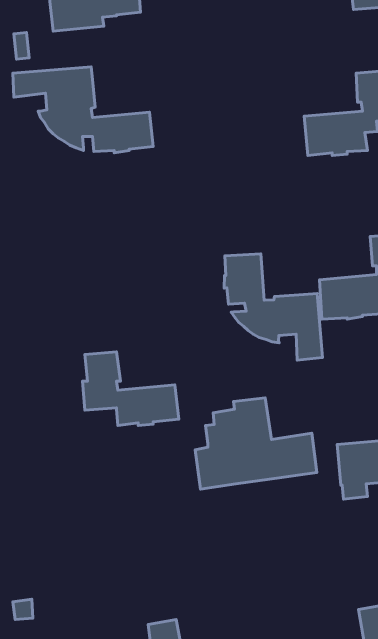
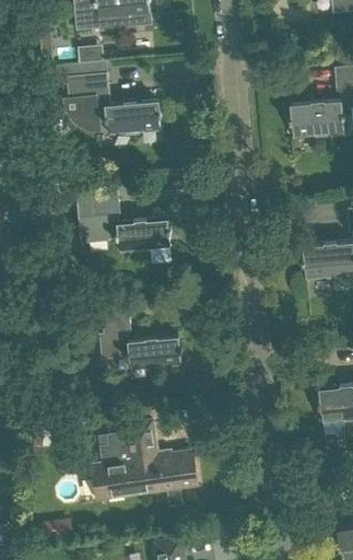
building: none -> [74,190,169,253]
building: [224,254,322,360] -> none
building: [195,398,317,489] -> [91,420,196,499]

